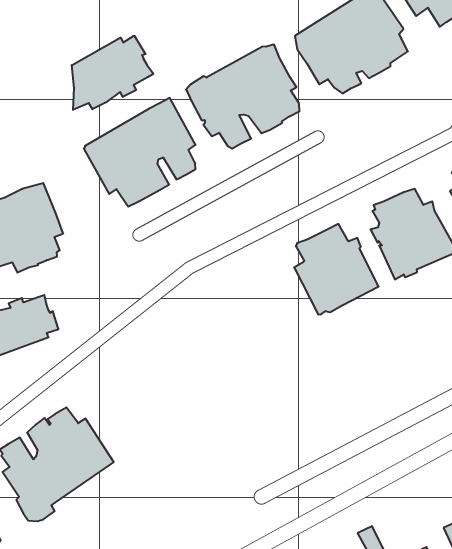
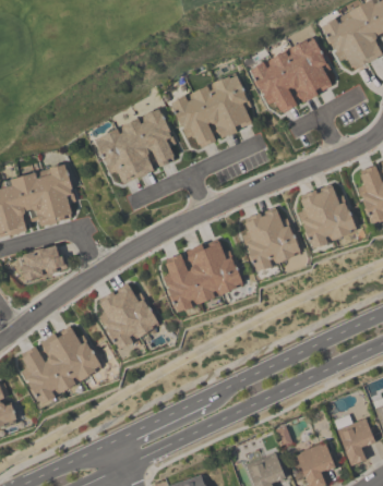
building: [72,36,153,110] -> none
building: none -> [163,240,242,314]
building: none -> [98,283,158,350]

